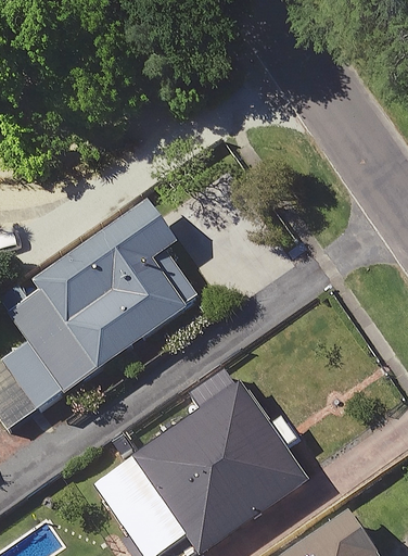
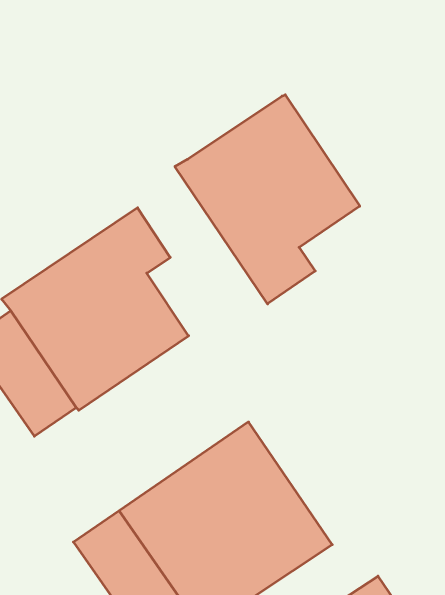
building: none -> [175,95,360,304]

